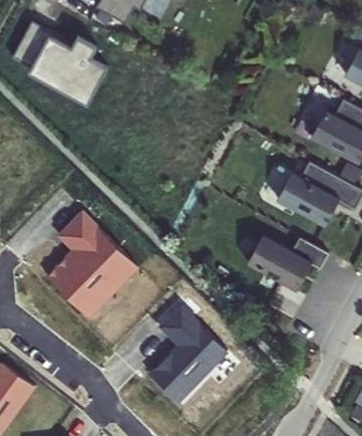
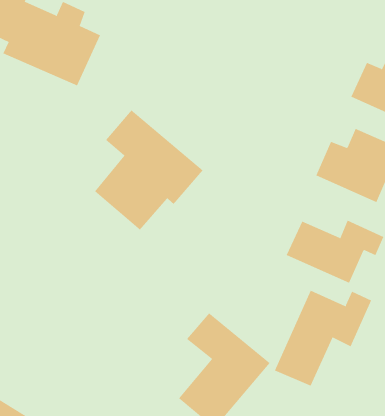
building: [48,212,138,311] -> [94,110,203,231]
building: none -> [274,290,372,386]

